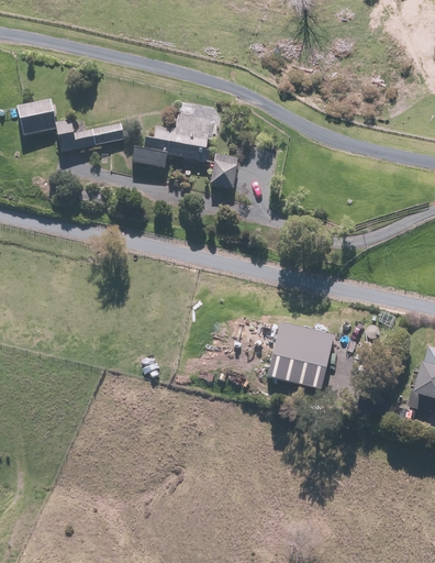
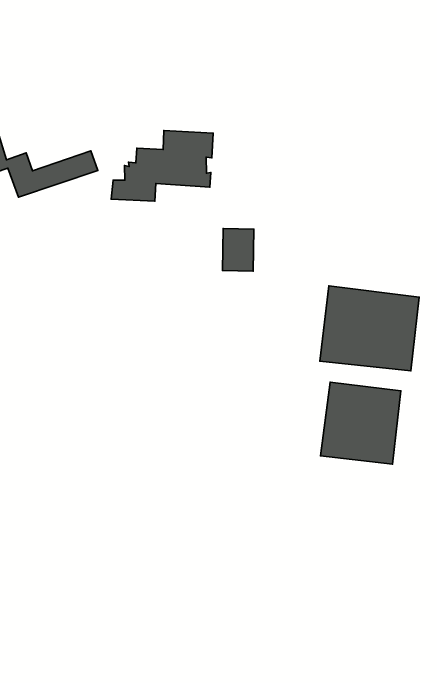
building: [210,153,237,188] -> [223,229,254,271]
building: none -> [320,286,419,371]

